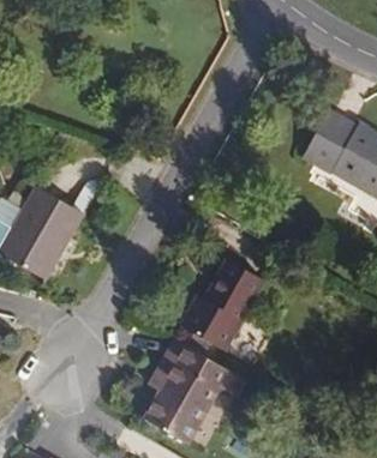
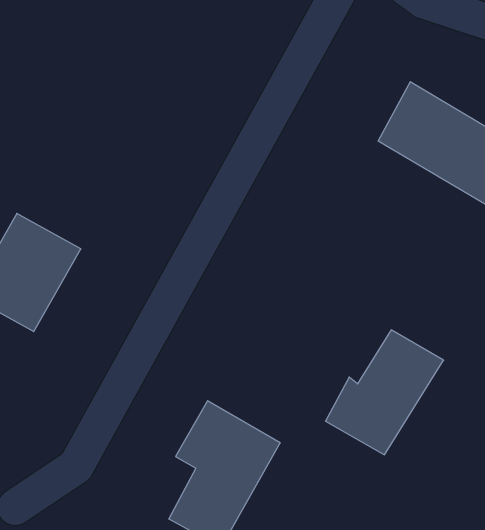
building: [180,252,264,341] -> [325,330,444,455]

